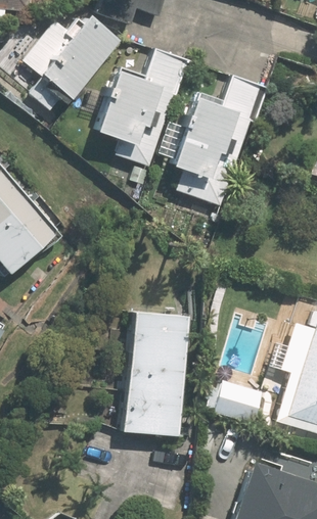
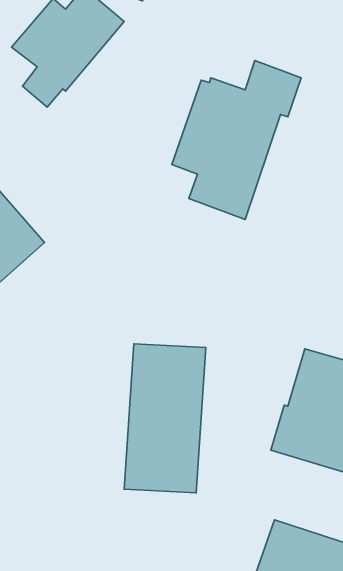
building: [87,49,191,168] -> none

